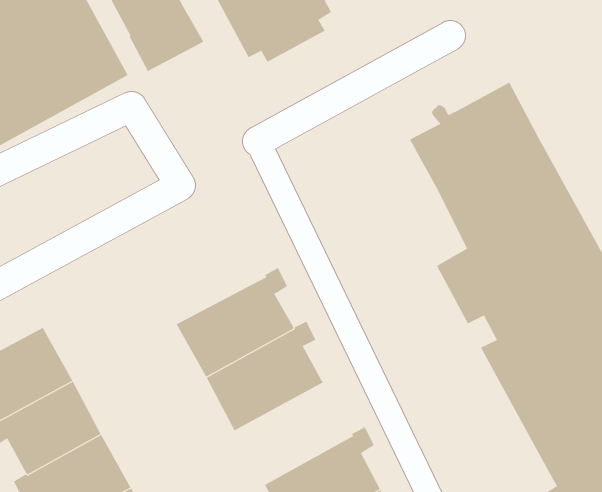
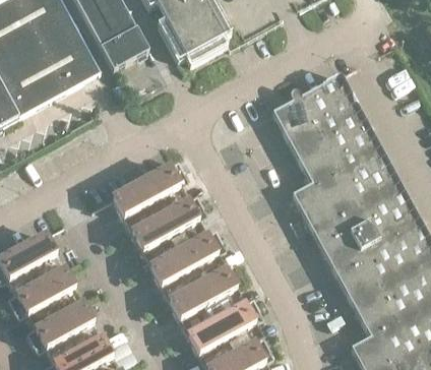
building: none -> [111,162,187,232]
building: none -> [167,264,243,335]

